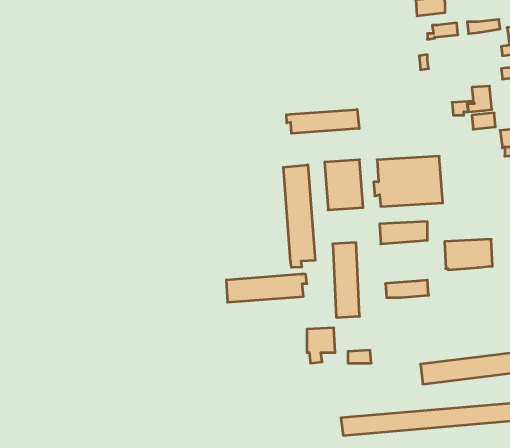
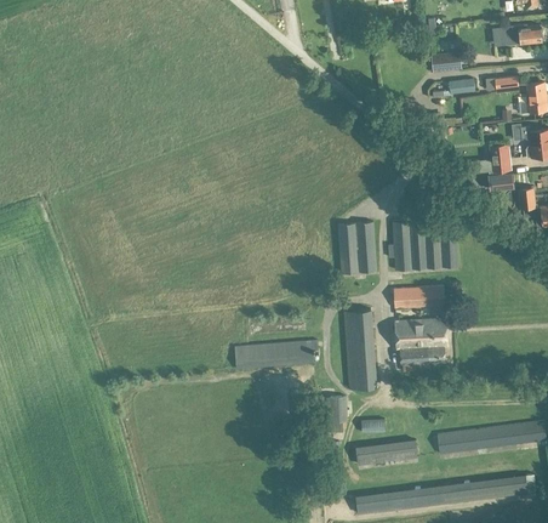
building: [286,109,359,133] -> none
building: [283,165,315,267] -> none
building: [445,239,492,270] -> [396,319,446,351]
building: none -> [355,439,418,466]

